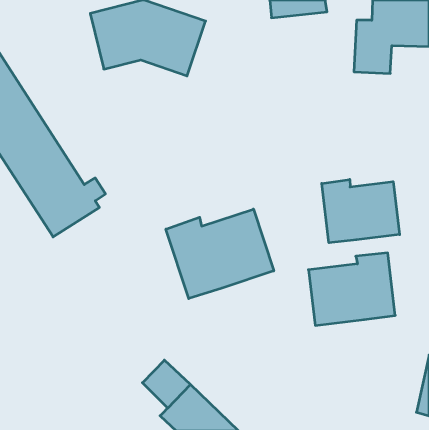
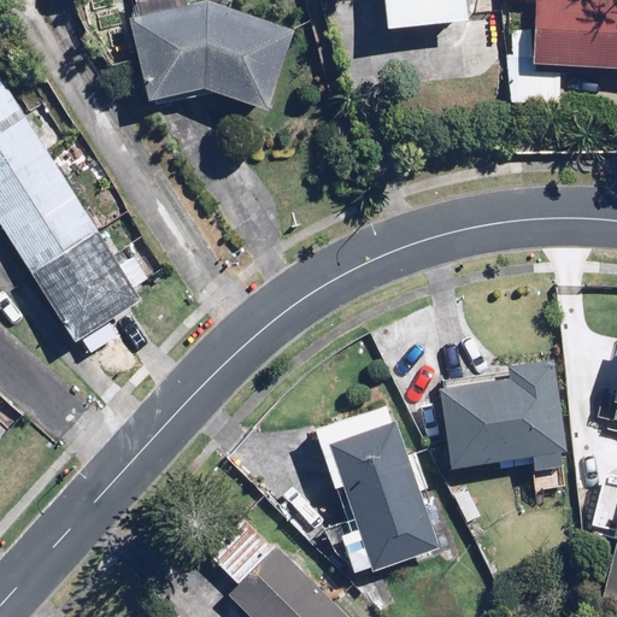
building: [322,179,400,243] -> none
building: [166,209,274,299] -> none
building: none -> [331,421,437,565]

